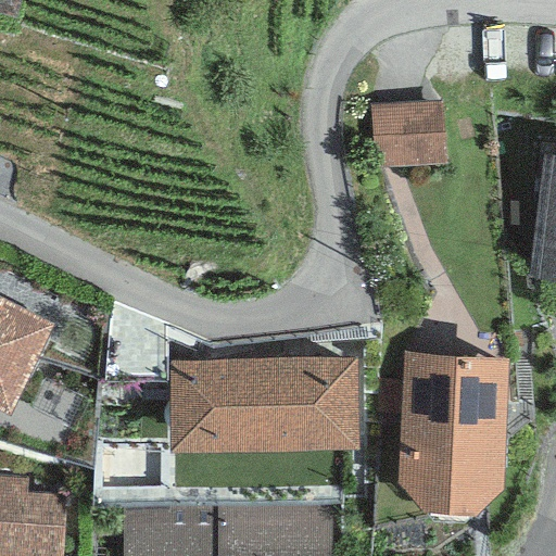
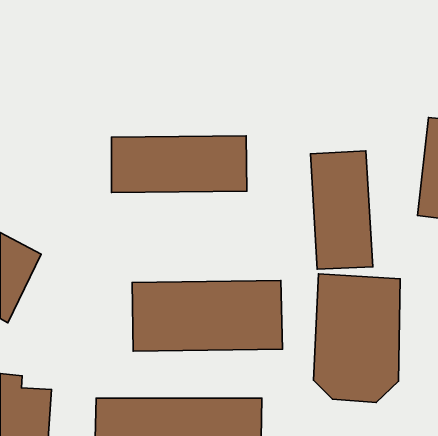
building: [372,103,450,170] -> none
building: none -> [111,136,247,193]
building: none -> [310,151,373,269]

